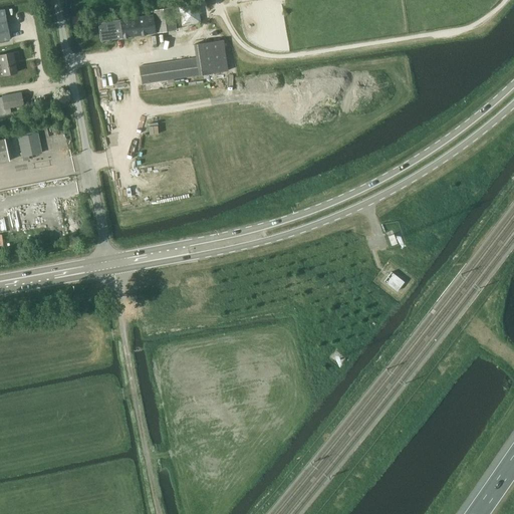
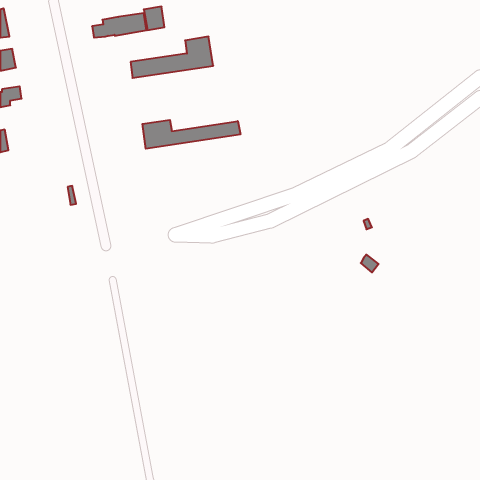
building: none -> [142,120,240,149]
building: [17,130,42,161] -> none

